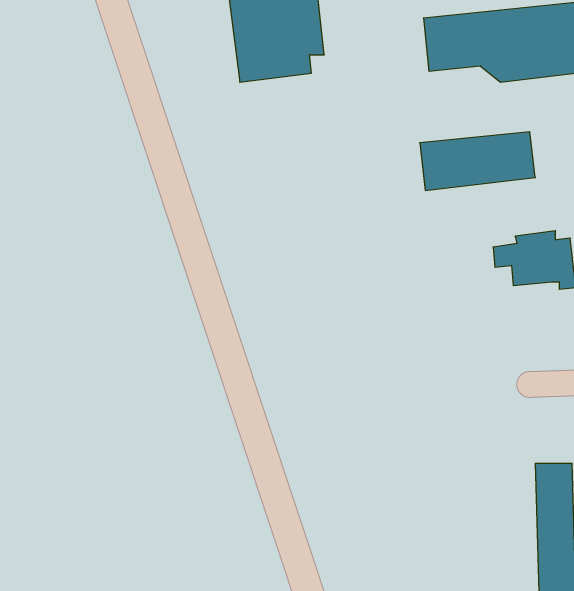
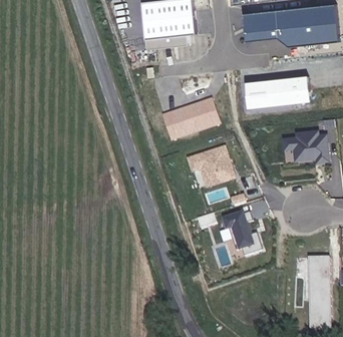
building: none -> [161,97,220,139]
building: none -> [186,145,235,188]
building: none -> [221,212,253,251]

